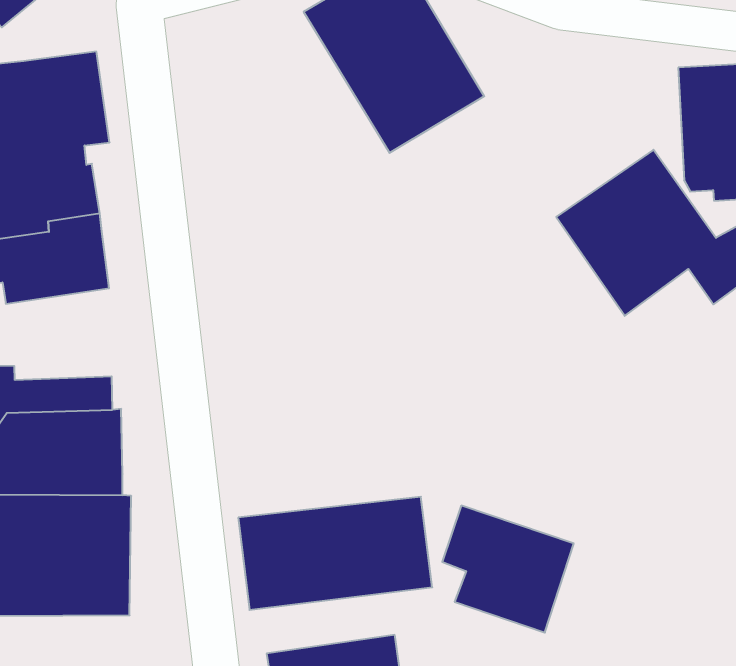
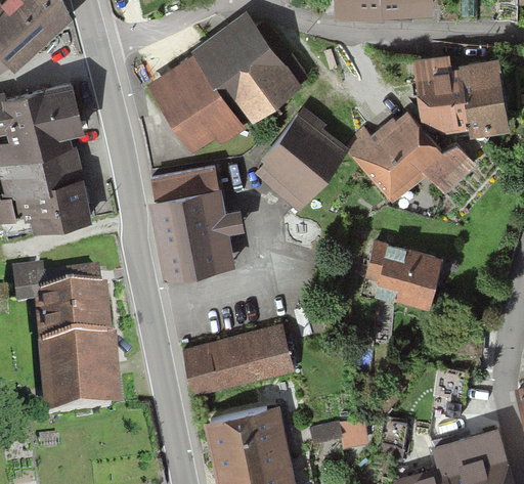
building: none -> [143,48,250,152]
building: none -> [256,107,349,213]
building: none -> [146,168,248,278]
building: [442,506,574,633] -> [366,240,442,310]

